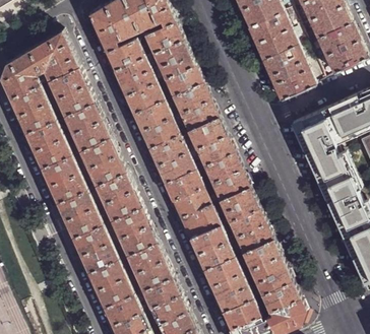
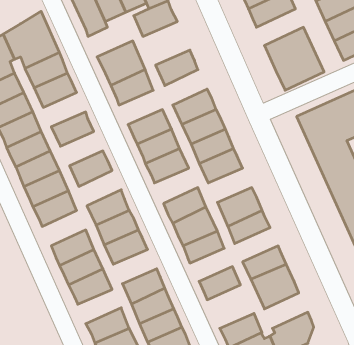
building: [255,27,297,60] -> none
building: [106,38,145,70] -> none
building: [155,39,196,77] -> none
building: [174,81,211,113] -> none
building: [133,99,172,130] -> none
building: [66,102,104,132] -> none
building: [81,136,119,166] -> none
building: [165,169,203,200] -> none
building: [212,169,251,199] -> none
building: [98,171,135,202] -> none
building: [65,206,104,238] -> none
building: [236,221,274,252] -> none
building: [196,240,234,269] -> none
building: [128,241,167,271] -> none
building: [211,272,253,311] -> none
building: [97,276,135,307] -> none
building: [262,279,301,311] -> none

